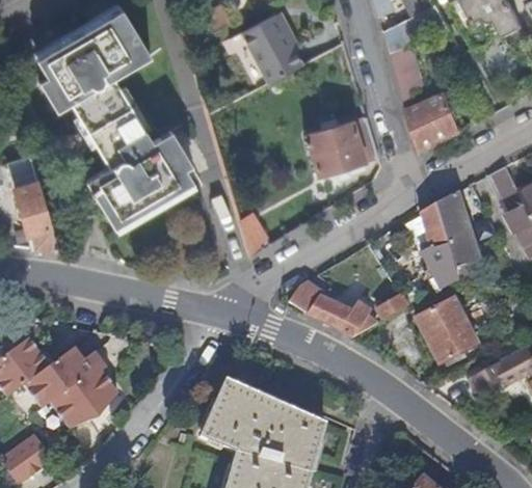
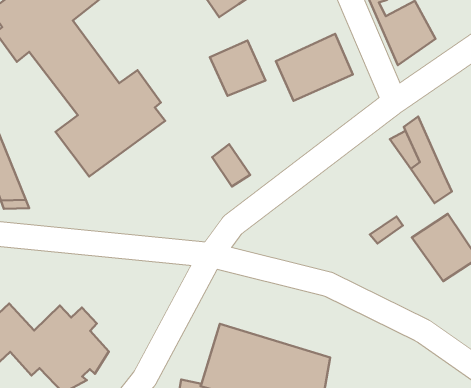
building: none -> [210,41,266,96]
building: [434,191,473,263] -> none
building: [289,281,376,336] -> none

